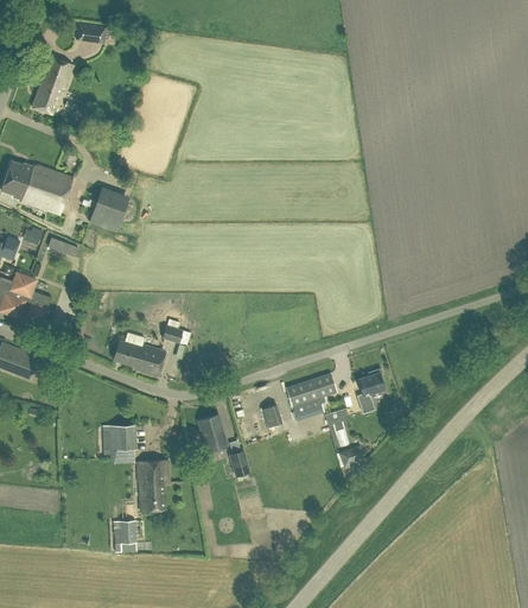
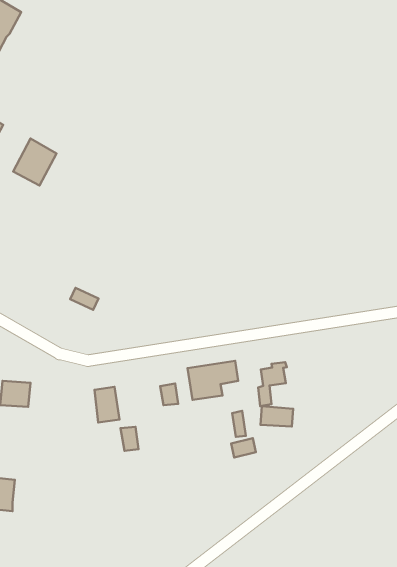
building: [113,332,166,378] -> none
building: none -> [260,406,293,427]
building: [136,462,168,509] -> none

